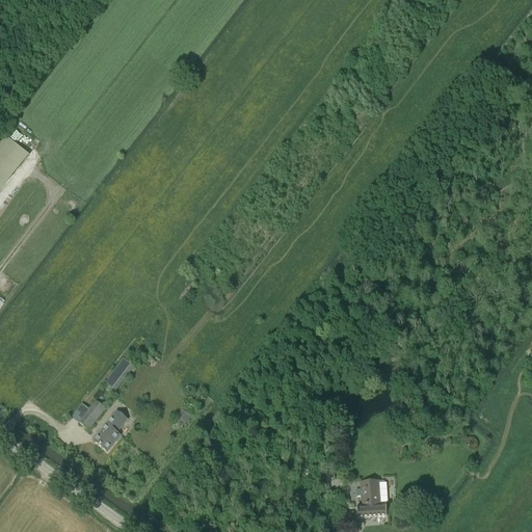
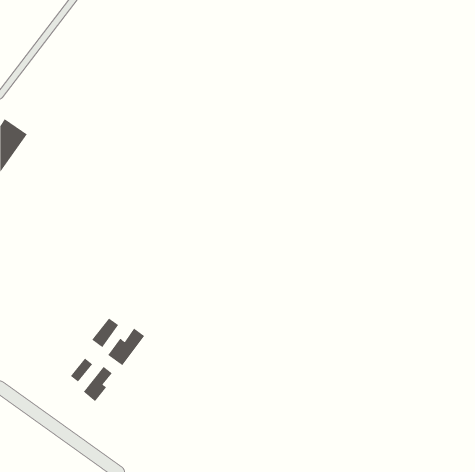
building: none -> [107,328,145,366]
building: [354,478,387,515] -> none

